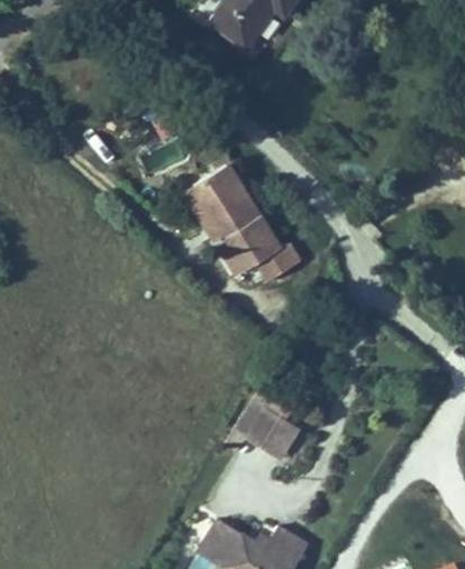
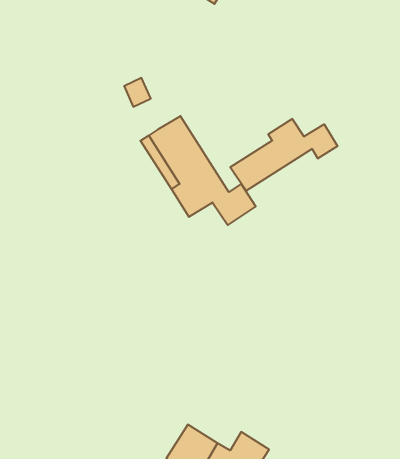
building: none -> [230,119,337,191]
building: [247,407,297,455] -> none

